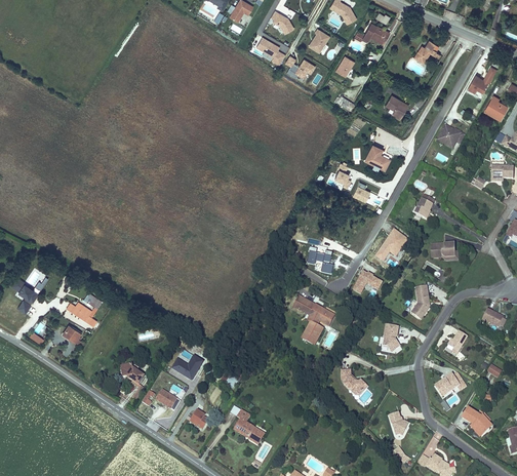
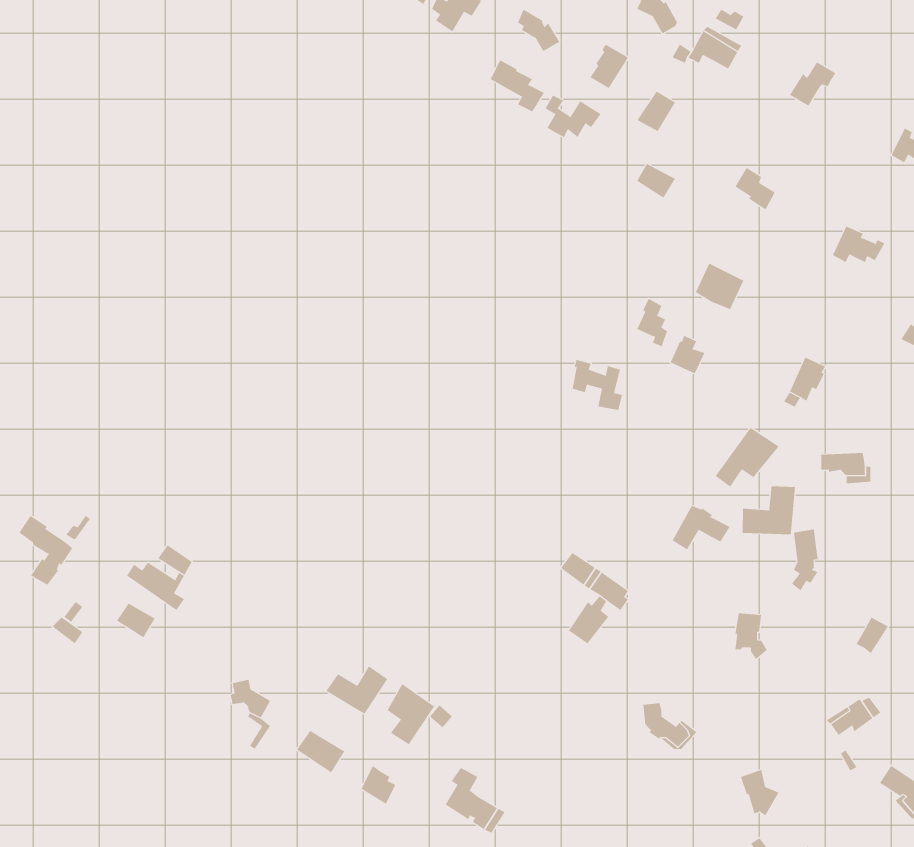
building: [308,248,334,275] -> [572,360,623,410]
building: none -> [742,485,795,535]
building: none -> [387,683,435,745]

